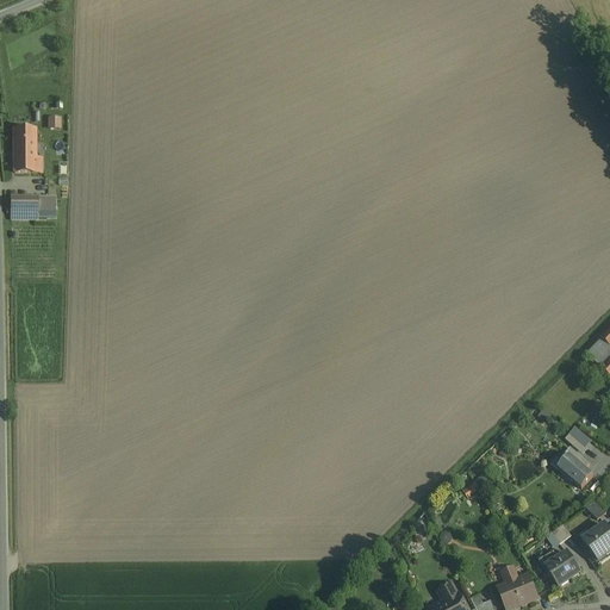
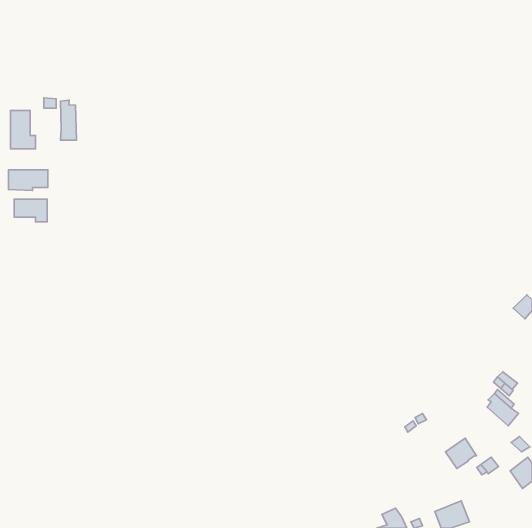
building: none -> [60,100,76,140]
building: none -> [14,199,47,222]
building: [544,550,580,585] -> [445,438,477,468]

